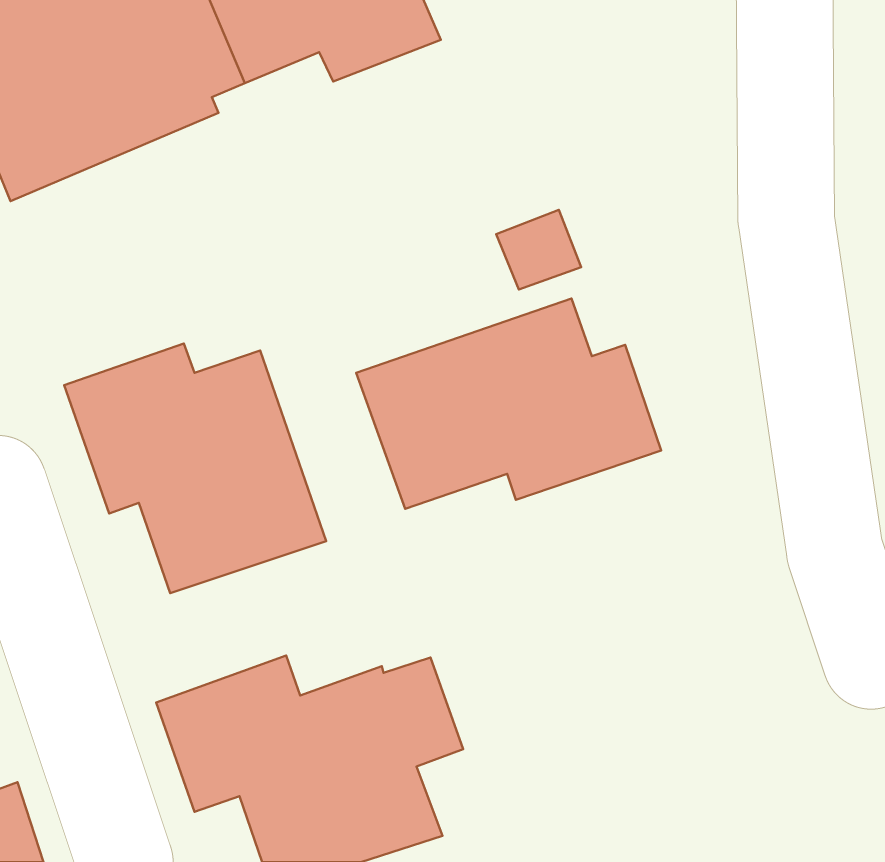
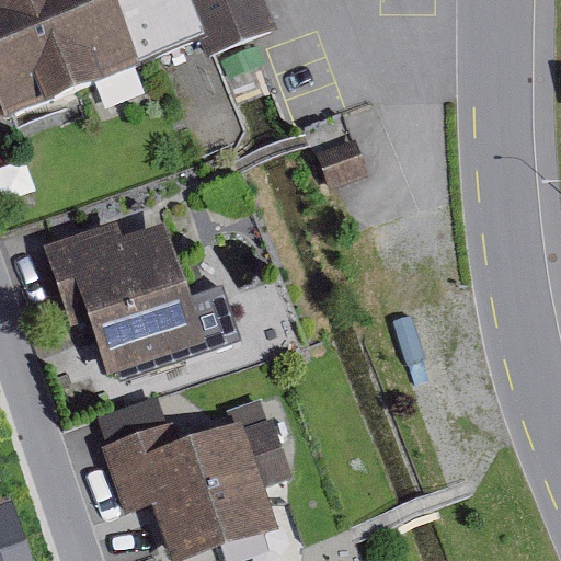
building: [356,298,661,509] -> none

